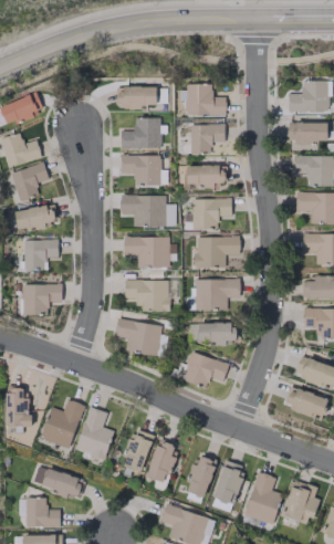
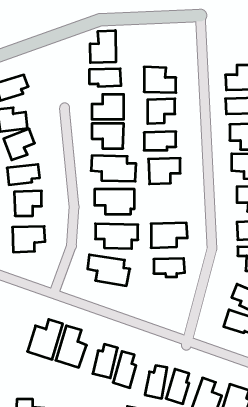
building: none -> [90,30,116,63]
building: [195,237,240,269] -> none
building: [181,353,228,389] -> none
building: [11,387,32,427] -> none
building: [32,464,84,498] -> none

